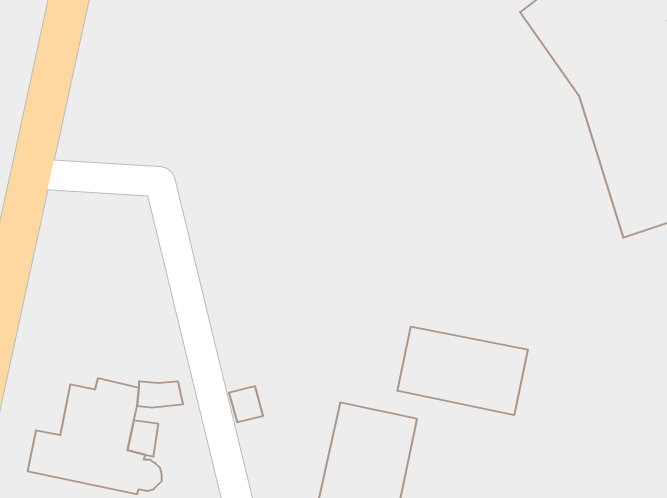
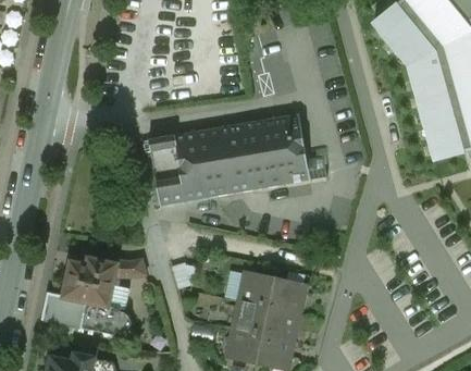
building: none -> [141,111,310,205]
building: [398,327,528,415] -> none

